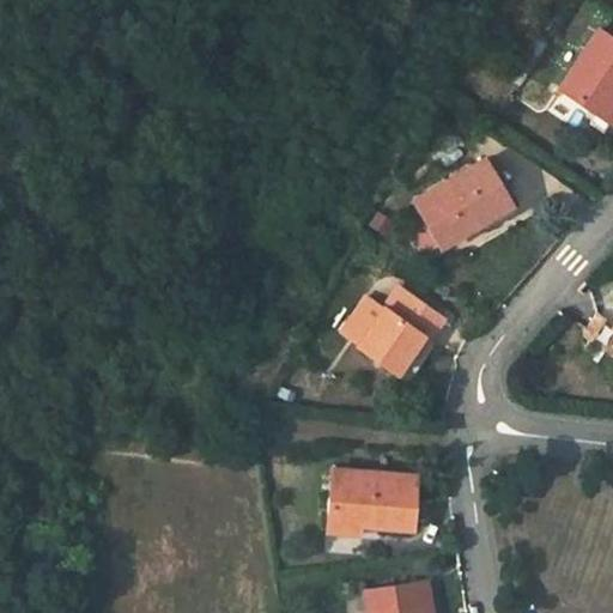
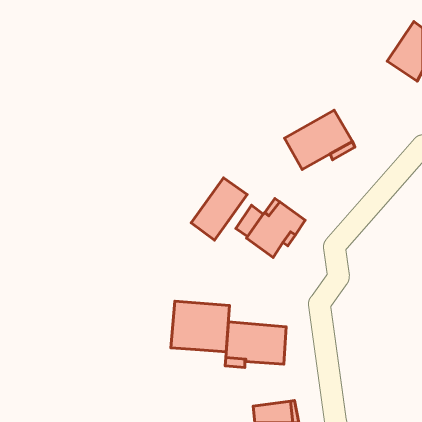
building: none -> [191,178,247,240]
building: none -> [171,301,229,352]

